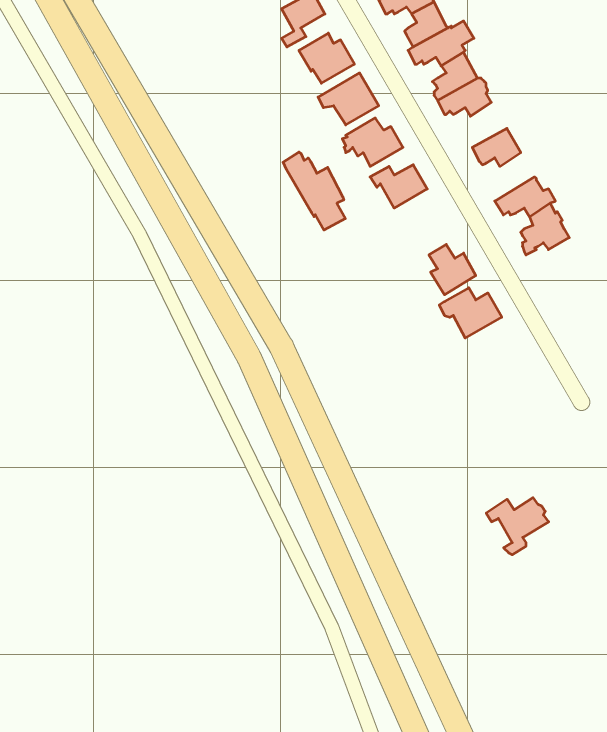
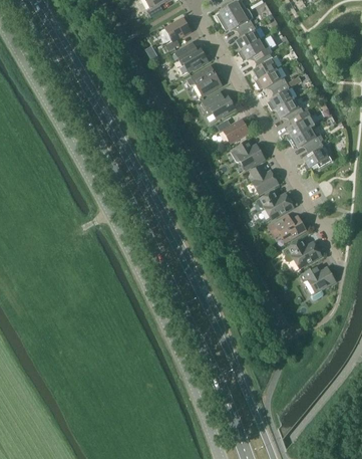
building: none -> [268,82,296,110]
building: none -> [287,110,315,140]
building: [283,152,345,230] -> none
building: none -> [231,140,265,170]
building: none -> [268,214,306,241]
building: none -> [283,238,321,267]
building: [486,498,549,555] -> [300,266,336,299]

